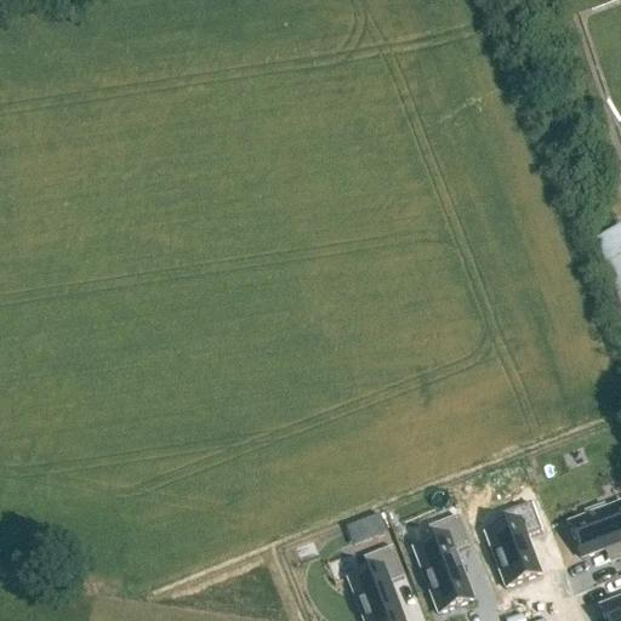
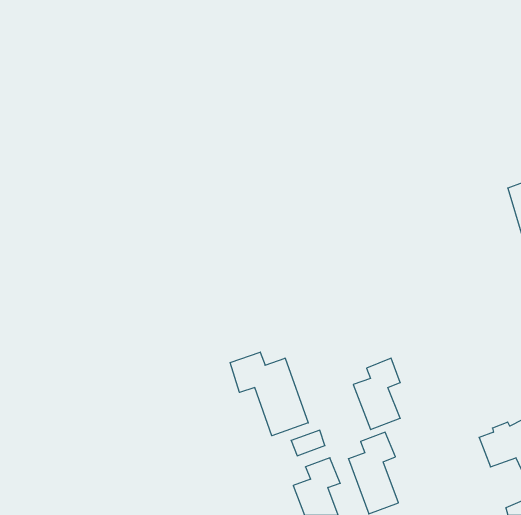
building: none -> [230,352,308,436]
building: [486,498,542,583] -> [353,358,400,430]

